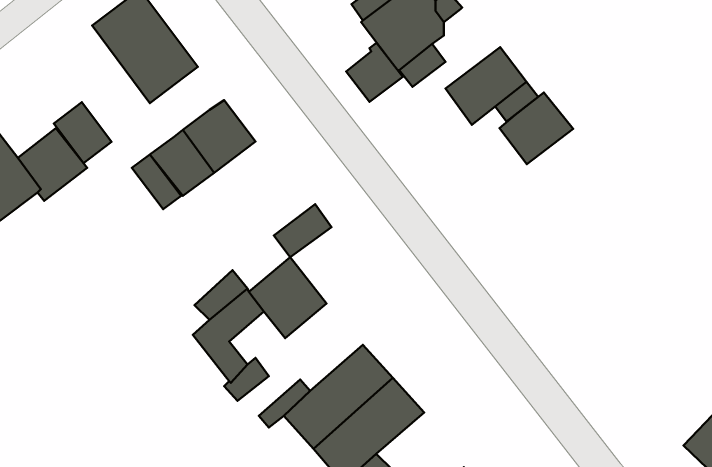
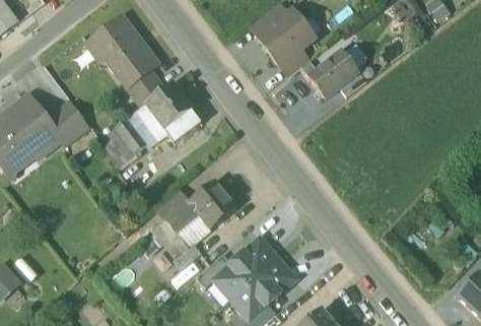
building: [346,43,403,102] -> none
building: none -> [127,69,163,106]
building: [499,93,573,164] -> none
building: [54,102,112,163] -> [99,126,135,164]
building: [274,204,332,257] -> [166,109,202,141]

